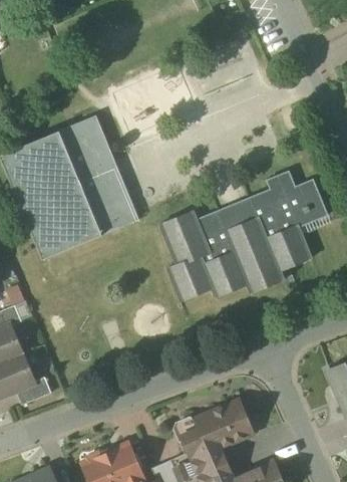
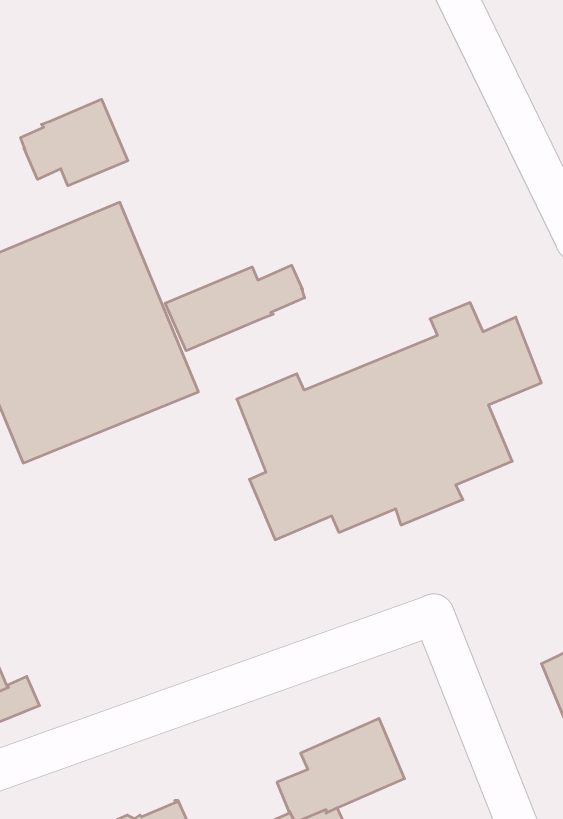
building: none -> [21,99,128,186]
building: none -> [165,265,305,351]

